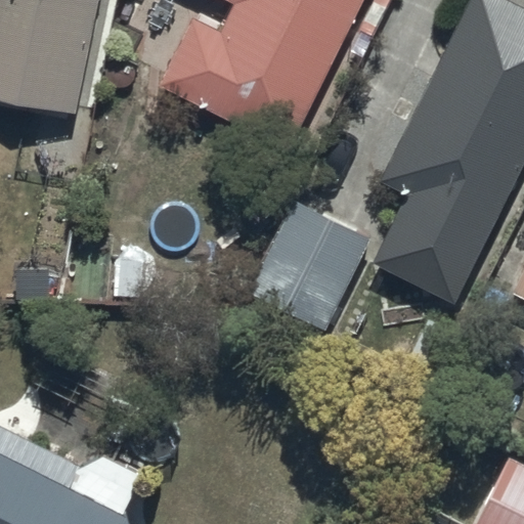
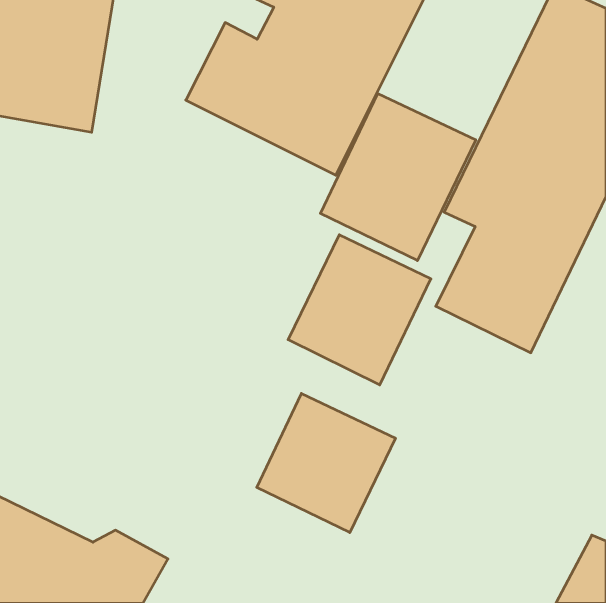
building: none -> [320,93,476,261]
building: none -> [257,393,395,533]

